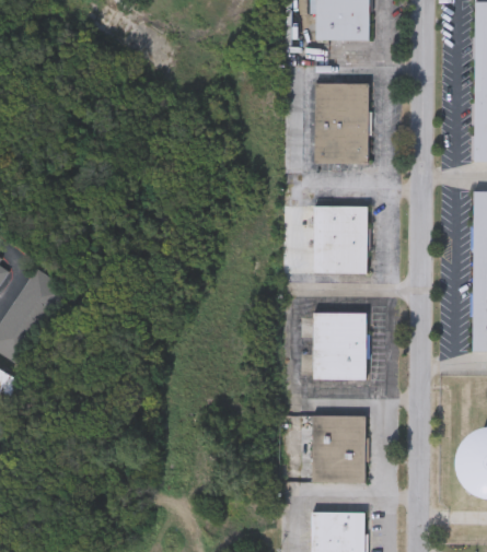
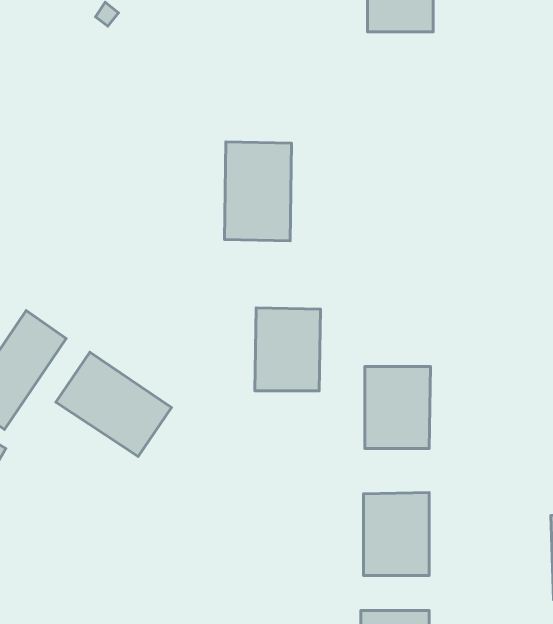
building: [314,82,369,163] -> [224,142,291,241]
building: [314,205,368,273] -> [255,308,321,391]
building: none -> [56,352,171,456]

